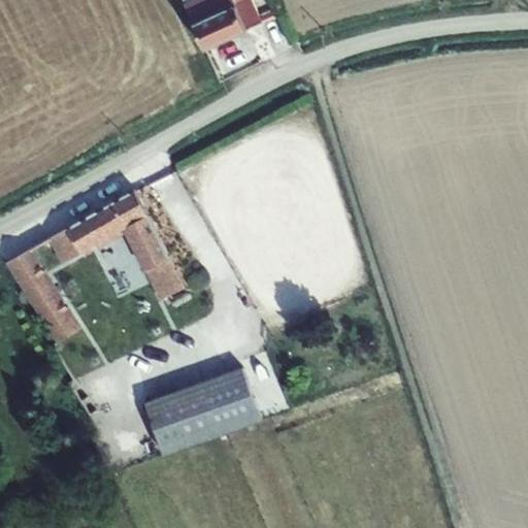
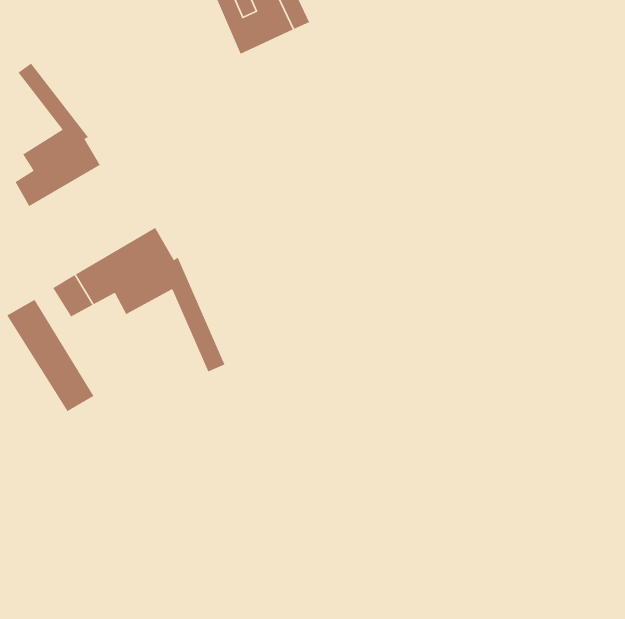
building: none -> [15,62,101,207]
building: [145,372,260,455] -> none

